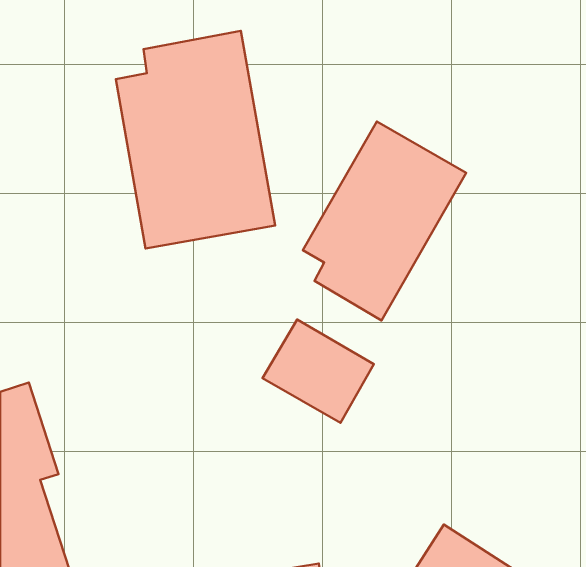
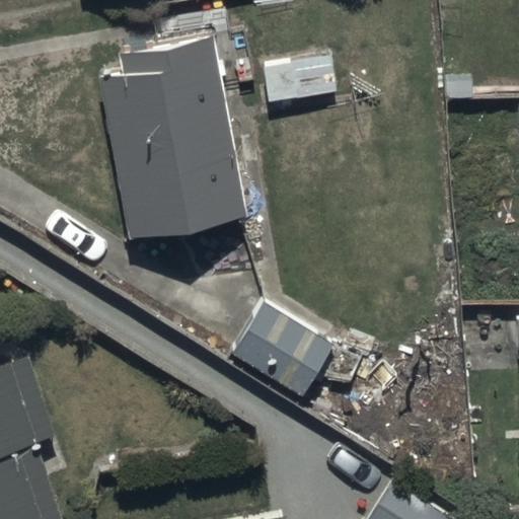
building: [303,122,466,321] -> none

